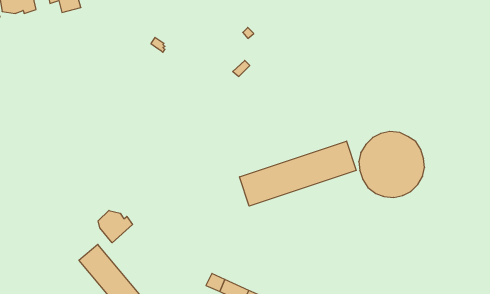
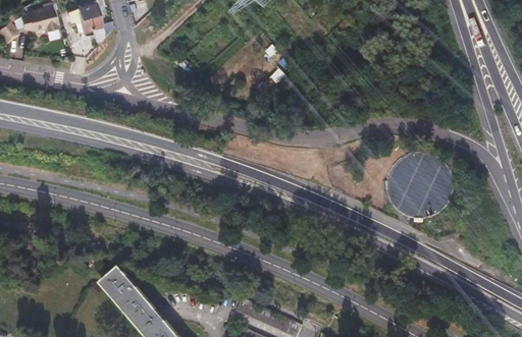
building: [240,141,356,206] -> none
building: [98,210,133,243] -> none

